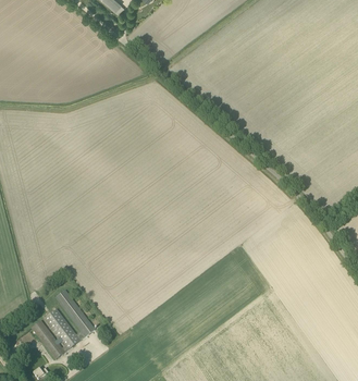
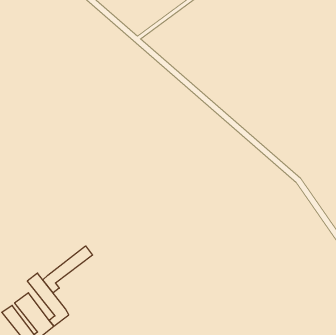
building: none -> [43,246,93,293]

